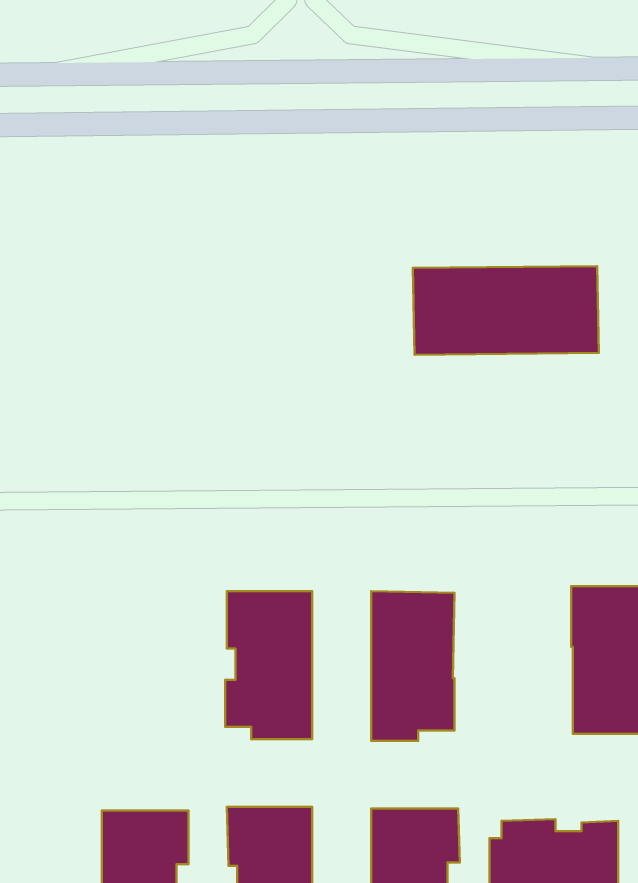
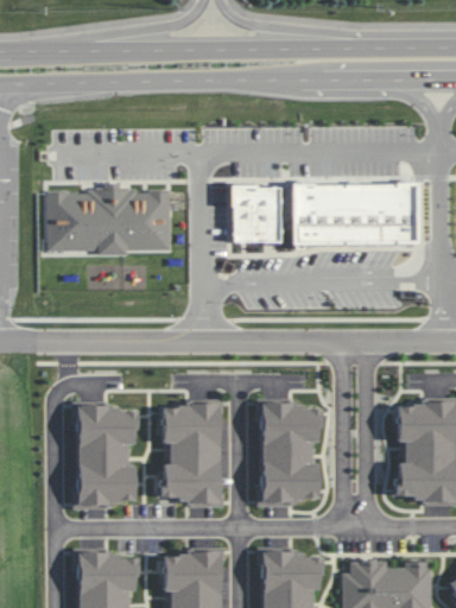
building: none -> [46,184,171,256]
building: none -> [230,185,280,243]
building: none -> [77,407,137,506]

